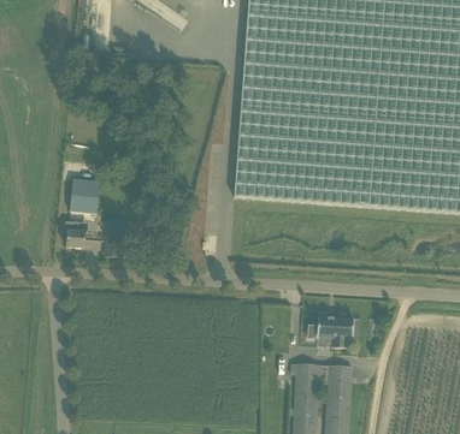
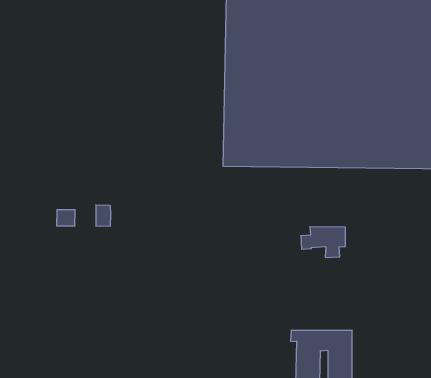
building: [69,178,100,219] -> none
building: [308,316,353,347] -> [301,227,345,258]

